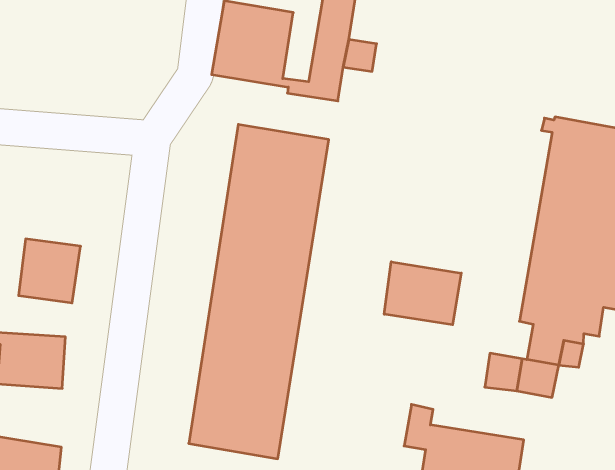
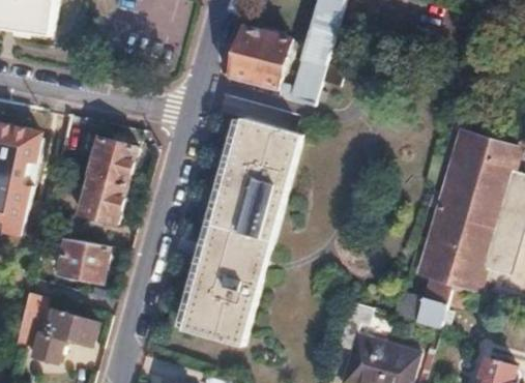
building: none -> [87,139,134,185]
building: [384,262,461,325] -> none

